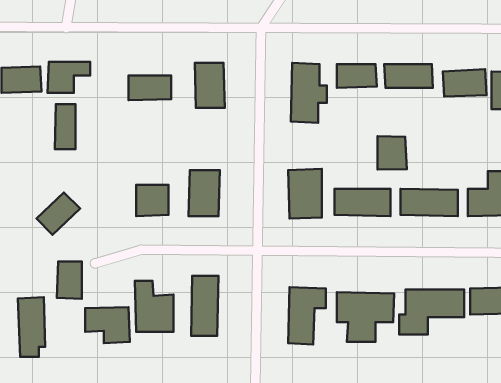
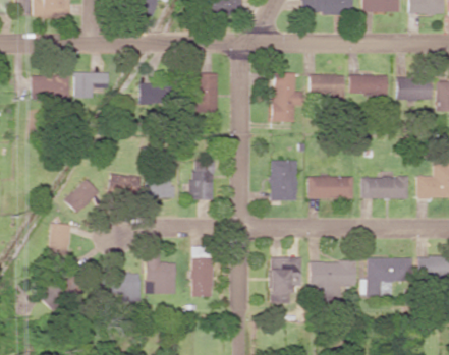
building: [55,104,75,149] -> none
building: [378,136,407,170] -> none
building: none -> [113,175,141,195]
building: [57,262,82,299] -> [51,224,71,254]

